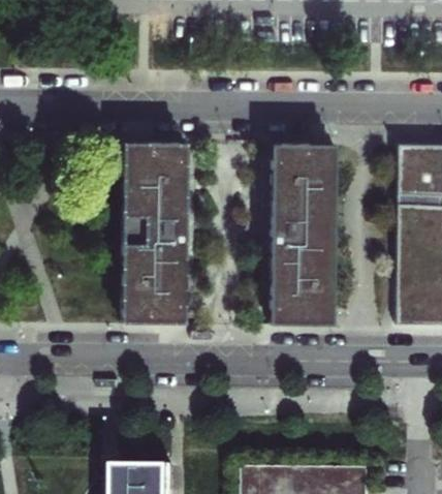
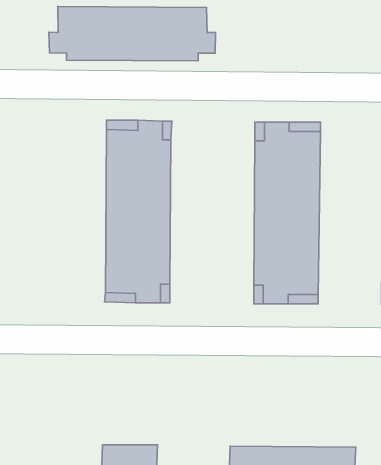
building: none -> [49,7,216,61]

